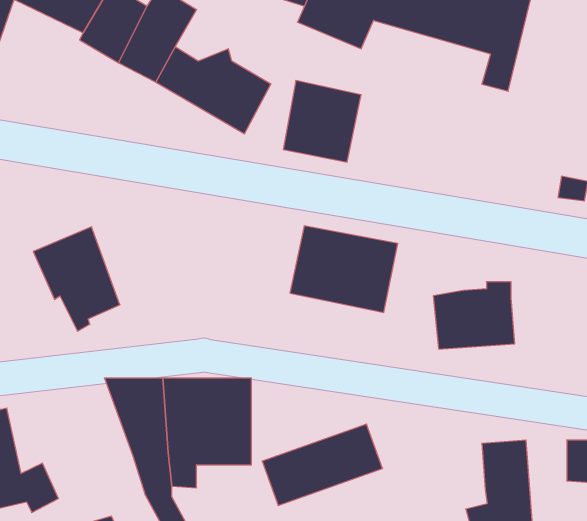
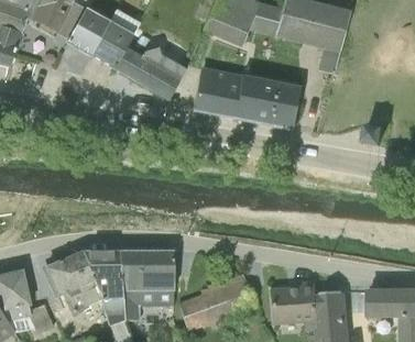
building: [290,226,398,313] -> [232,75,299,129]
building: [33,227,120,331] -> [45,251,99,316]
building: [433,282,515,349] -> [267,282,318,323]

